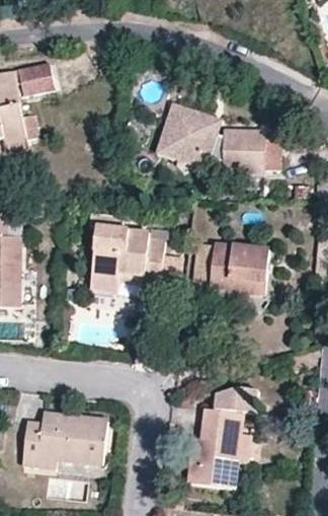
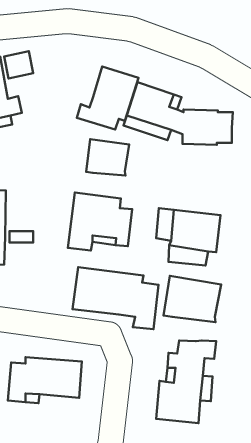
building: none -> [77,66,139,129]
building: none -> [86,139,129,176]
building: none -> [73,267,158,329]
building: none -> [163,276,221,322]

